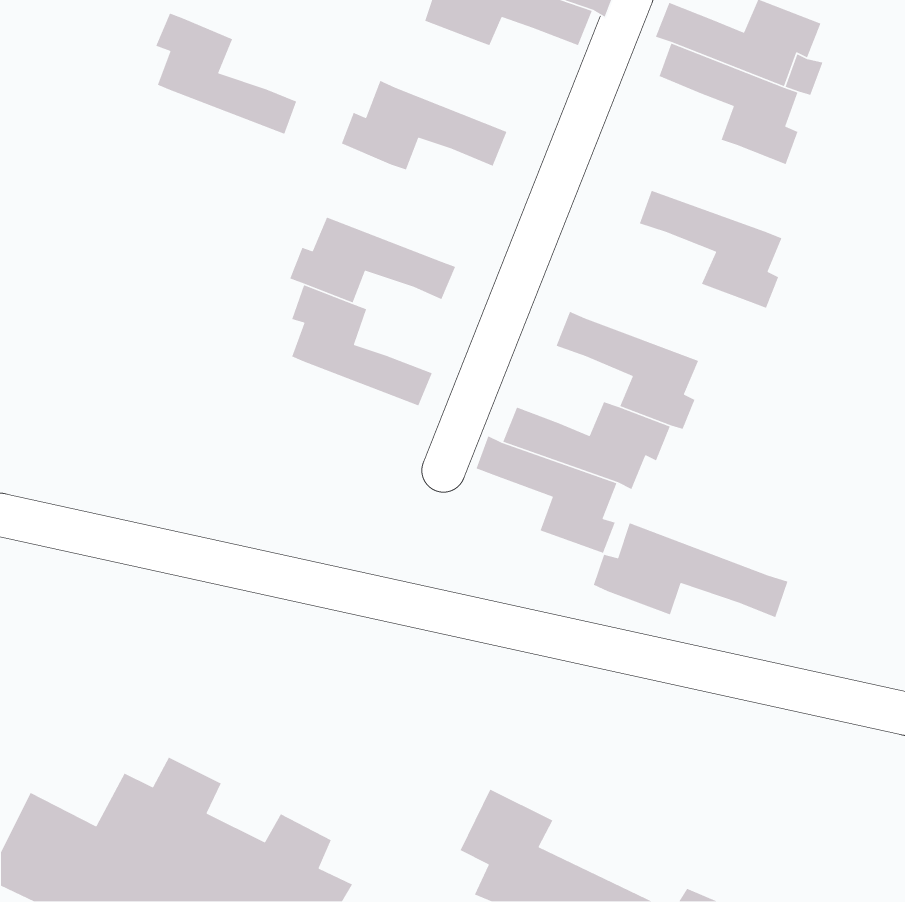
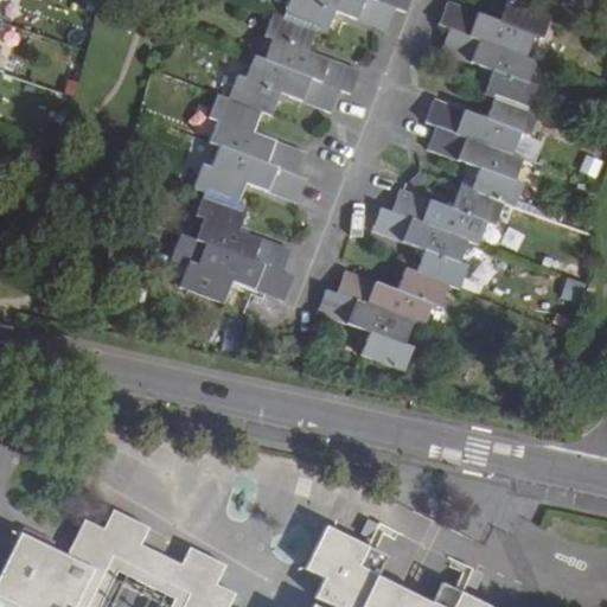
building: [155,12,297,135] -> [210,92,305,174]
building: none -> [266,11,360,91]
building: none -> [426,97,537,154]
building: none -> [392,186,504,244]
building: none -> [180,242,290,300]
building: [593,522,789,618] -> none

